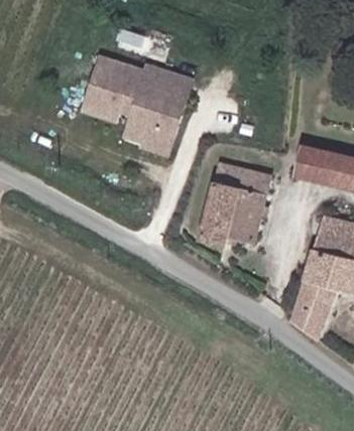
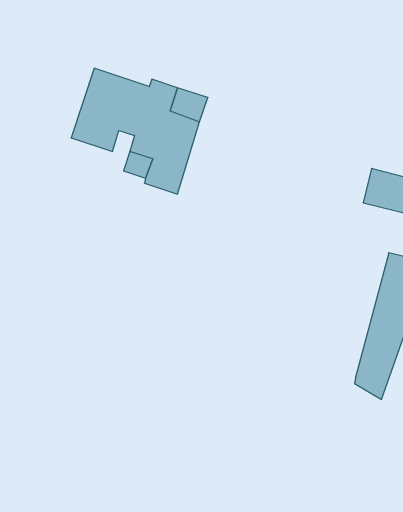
building: [203,160,273,241] -> none

